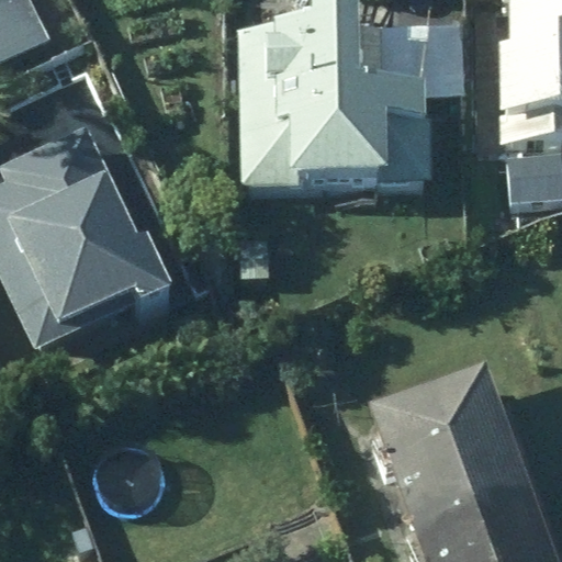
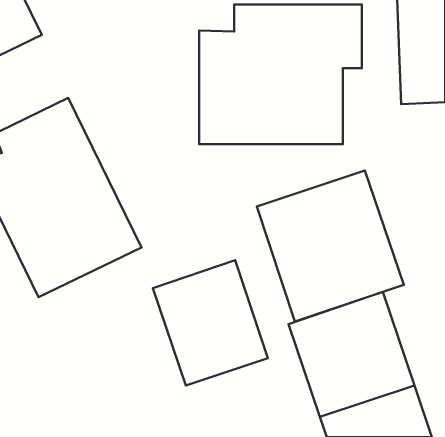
building: none -> [257,170,404,322]
building: none -> [153,260,268,386]

